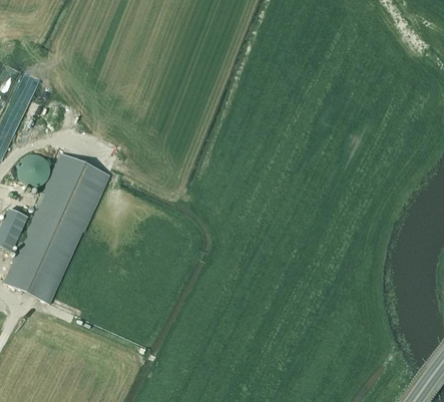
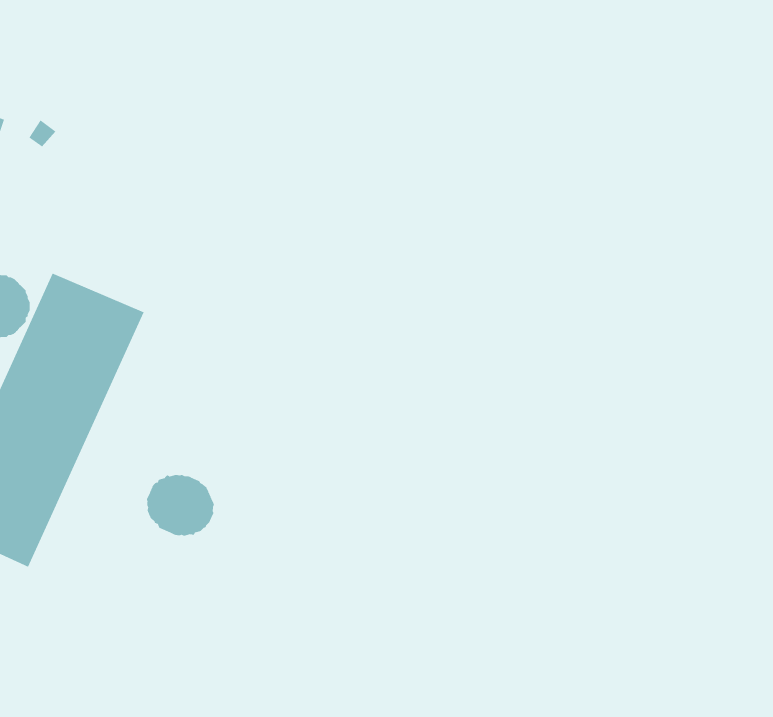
building: none -> [146,474,215,537]

